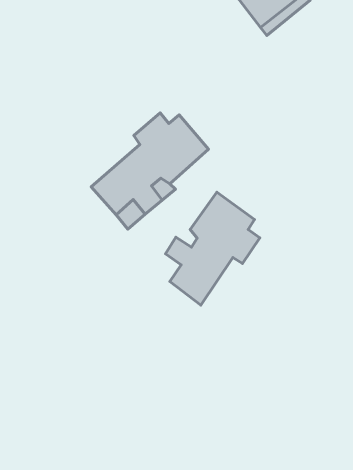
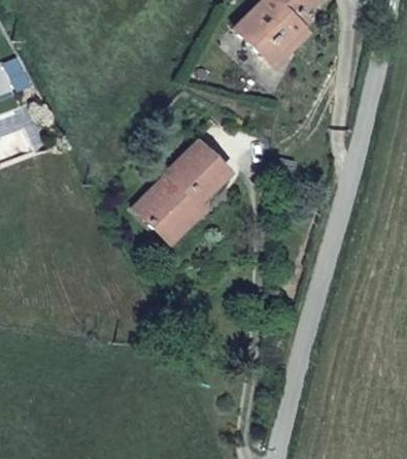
building: [165,192,260,305] -> none

